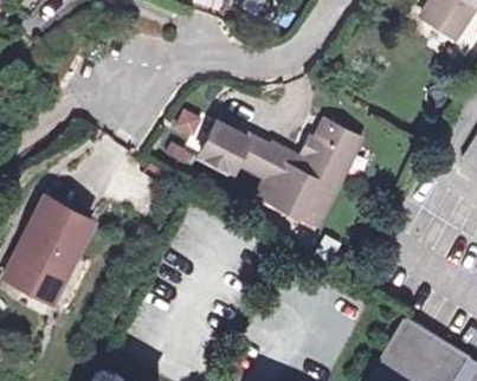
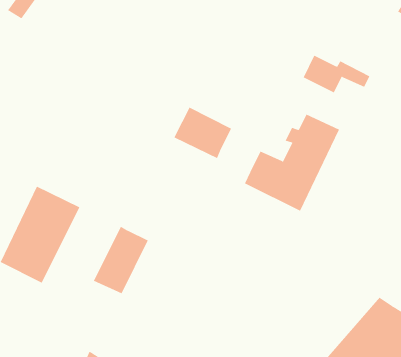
building: [238,140,309,180] -> [303,55,370,93]
building: none -> [93,226,148,294]

